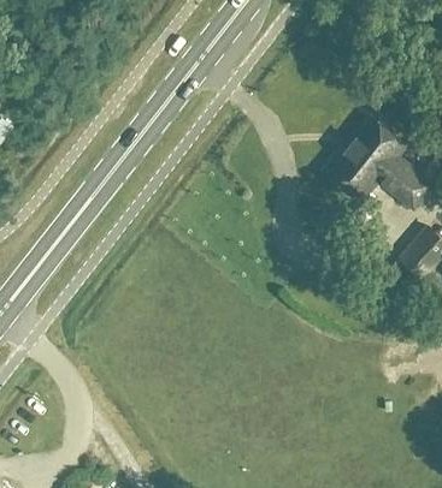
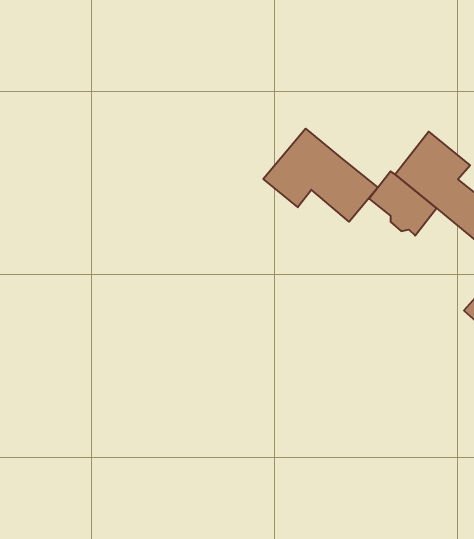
building: none -> [263,129,378,222]

